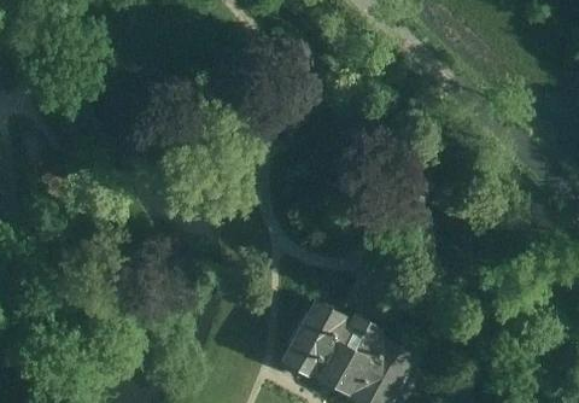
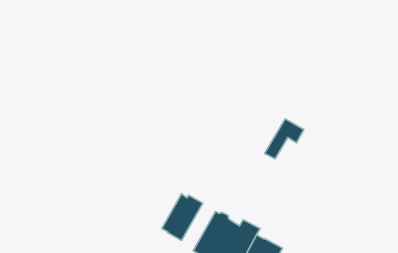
building: none -> [162,194,203,240]

